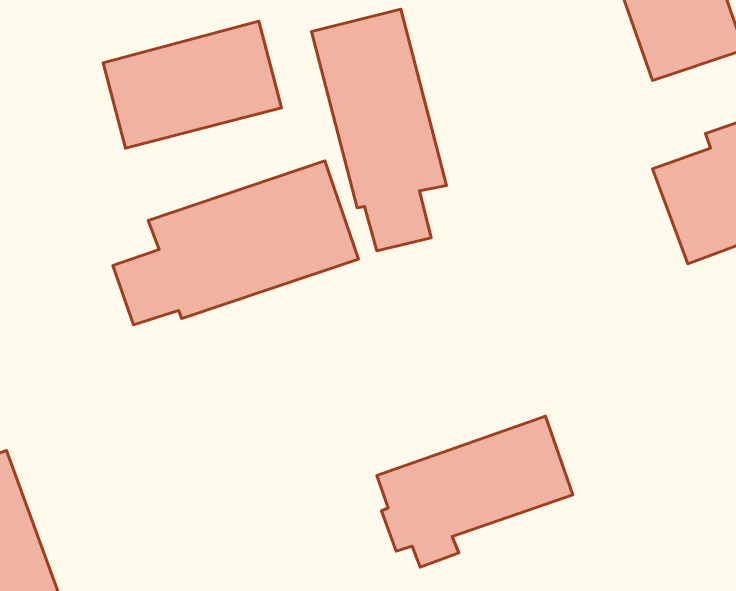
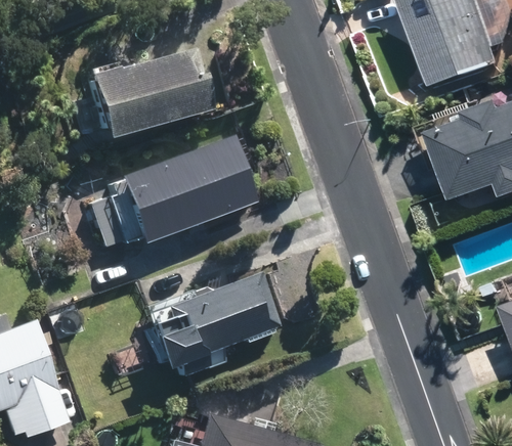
building: [311,9,447,251] -> none
building: [377,416,573,567] -> [154,275,279,371]

